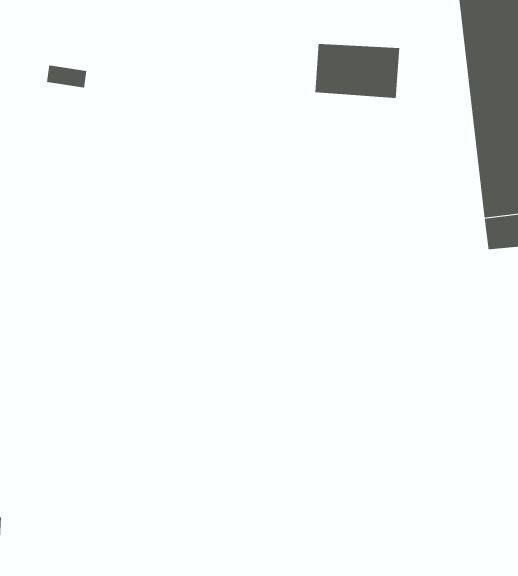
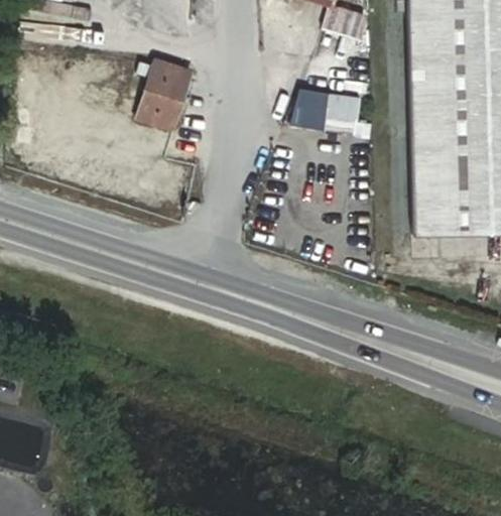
building: none -> [138,57,191,127]

